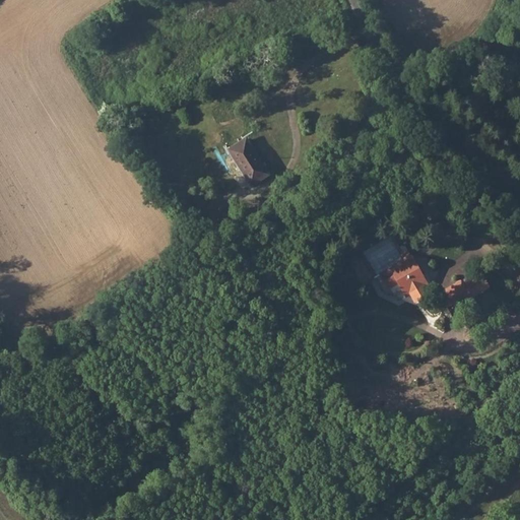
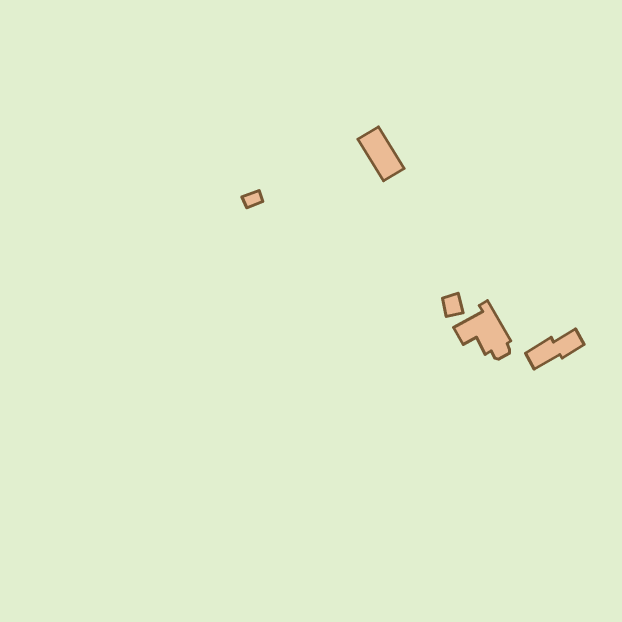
building: [230,140,268,185] -> [358,127,404,181]

